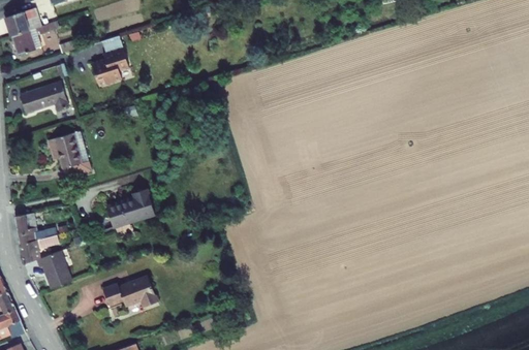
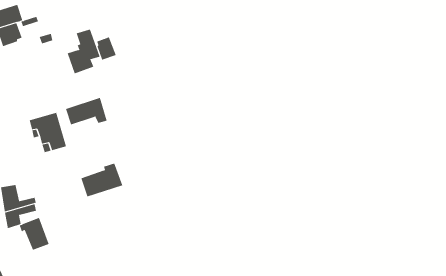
building: none -> [96,37,116,61]
building: [19,81,67,113] -> [65,97,108,125]
building: [102,276,156,307] -> none

